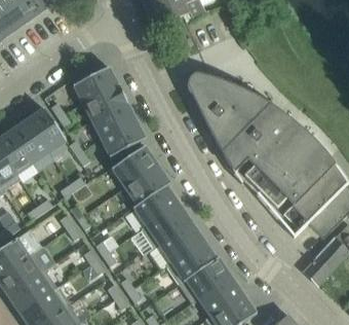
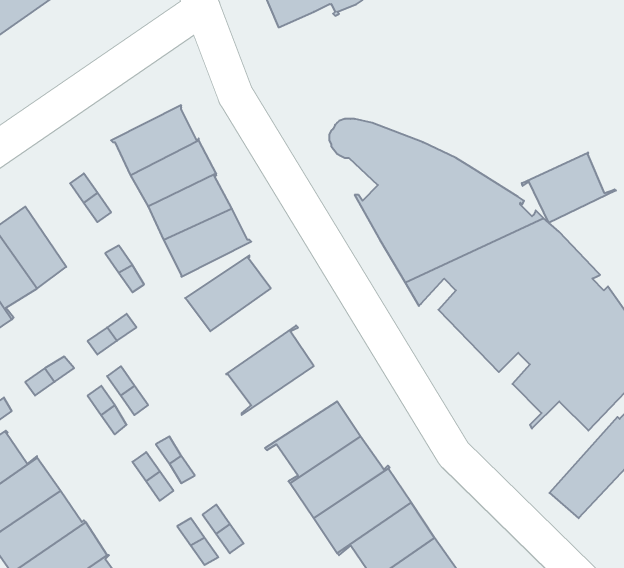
building: none -> [522,152,616,223]
building: [27,107,66,151] -> none
building: [124,162,169,208] -> none
building: [141,204,191,247] -> none

